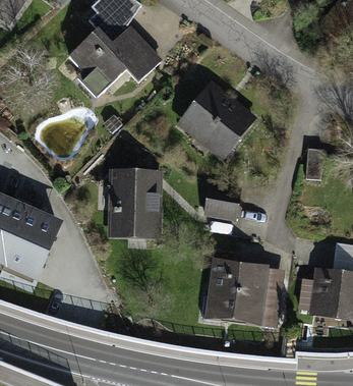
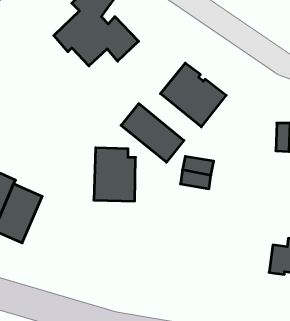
building: none -> [121,104,184,162]
building: [202,260,278,320] -> none

